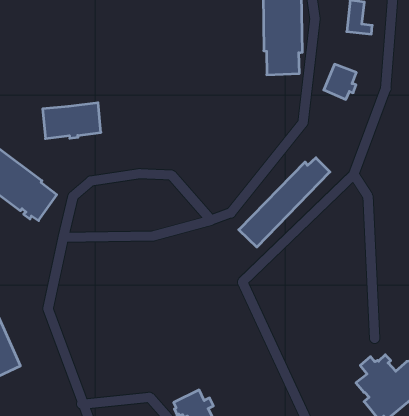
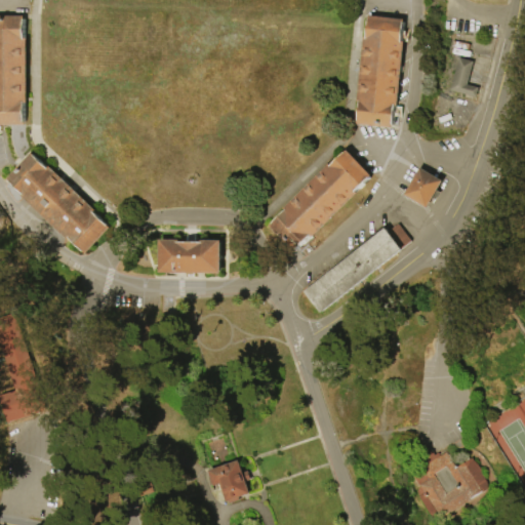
building: [324,64,356,99] -> [402,167,440,207]
building: none -> [267,150,370,253]
building: [43,103,101,139] -> [157,239,219,275]

